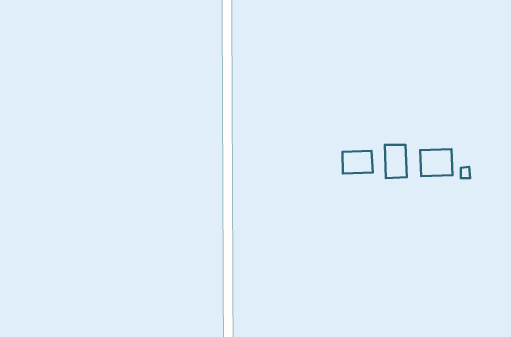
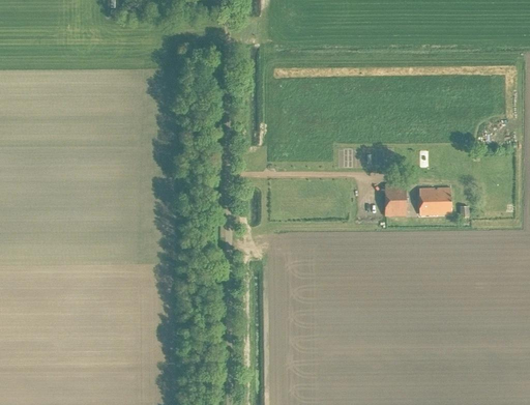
building: [343,151,373,173] -> none

